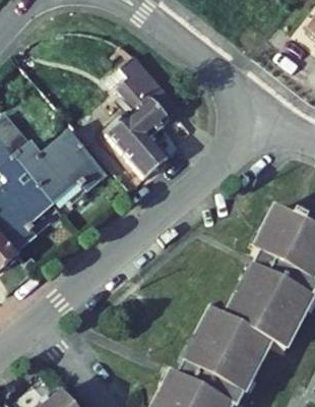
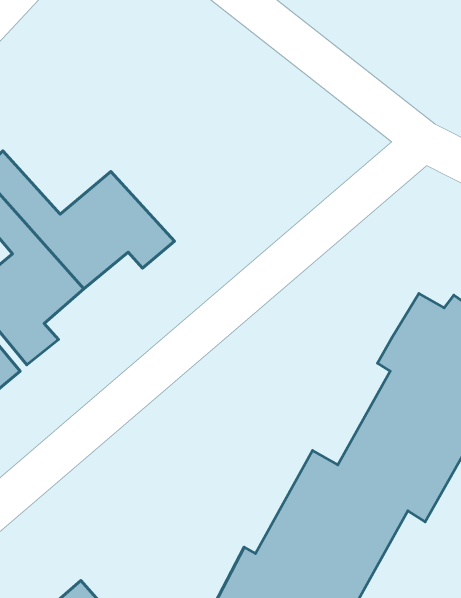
building: [110,51,187,175] -> none

